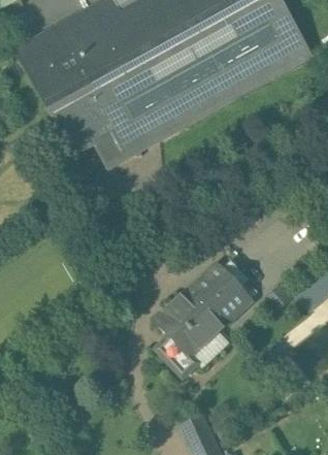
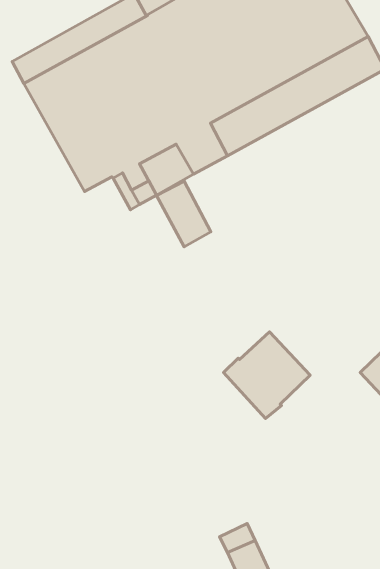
building: none -> [156,181,211,247]
building: [158,295,218,377] -> none

